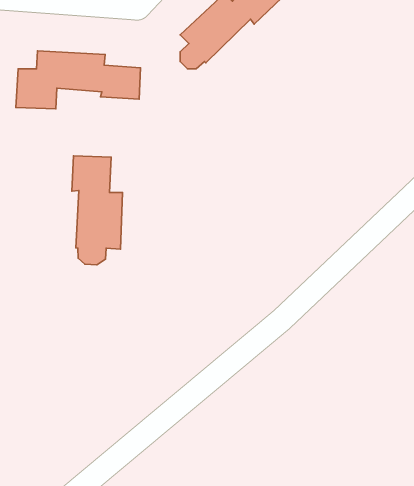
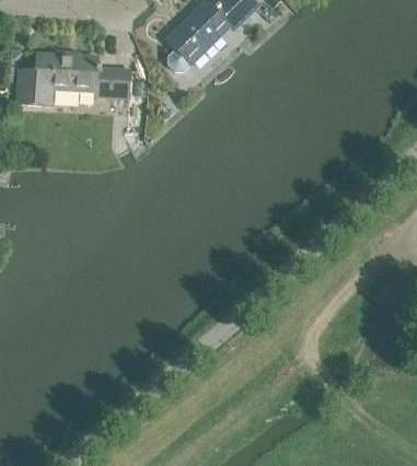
building: [72,156,123,265] -> none

